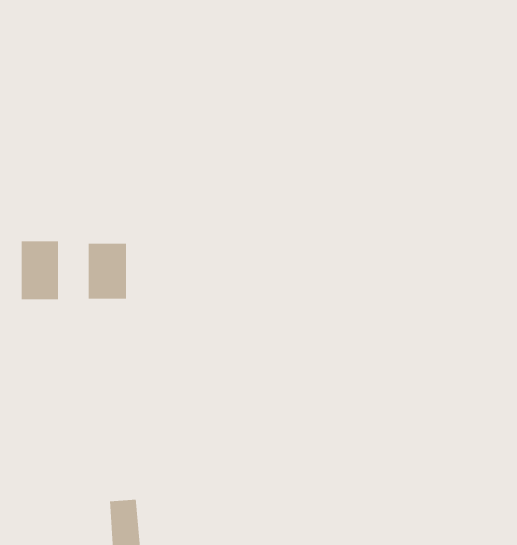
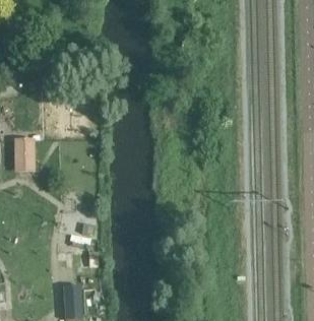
building: [88,243,127,300] -> none

